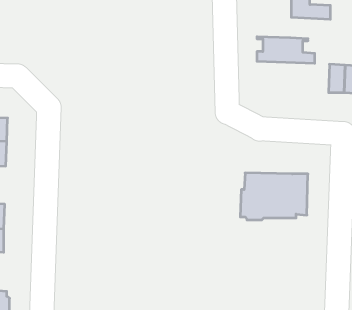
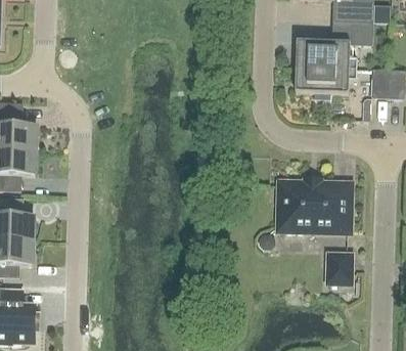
building: none -> [331,20,373,43]
building: none -> [296,67,357,100]
building: none -> [327,253,353,284]

